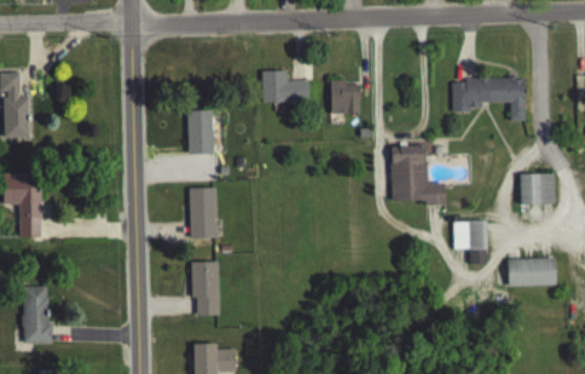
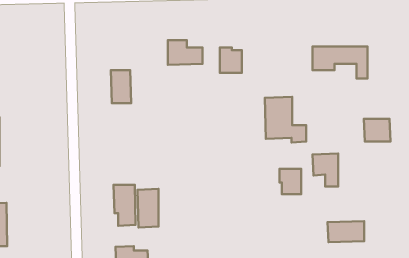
building: [190,188,218,238] -> [138,189,159,227]
building: none -> [279,169,301,194]
building: [508,258,556,286] -> [328,221,364,242]

